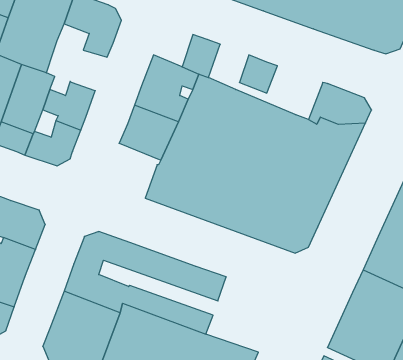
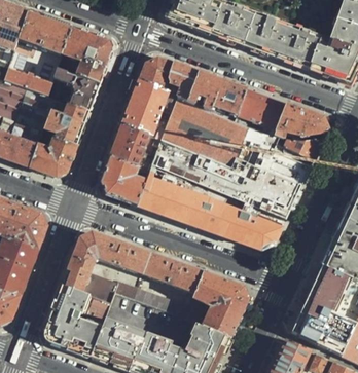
building: none -> [140,57,174,90]
building: none -> [53,68,100,111]
building: none -> [187,71,222,110]
building: none -> [238,89,286,136]
building: none -> [101,156,146,203]
building: none -> [185,271,248,336]

